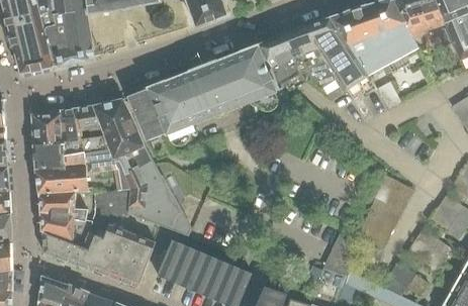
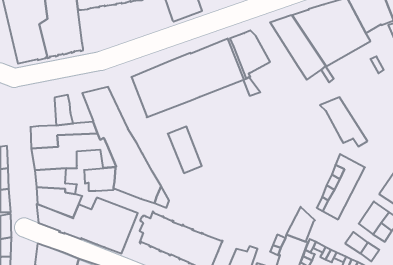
building: [283,26,337,82] -> [320,97,367,146]
building: [127,88,166,140] -> [168,127,202,173]
building: [77,106,105,139] -> none
building: [32,113,64,144] -> none

